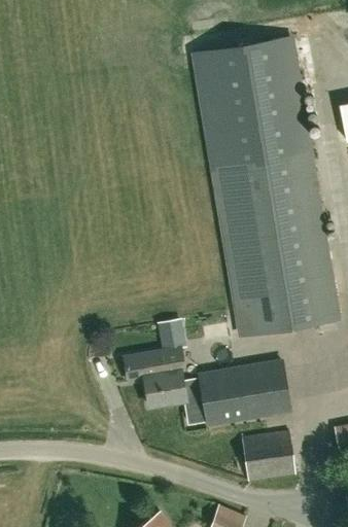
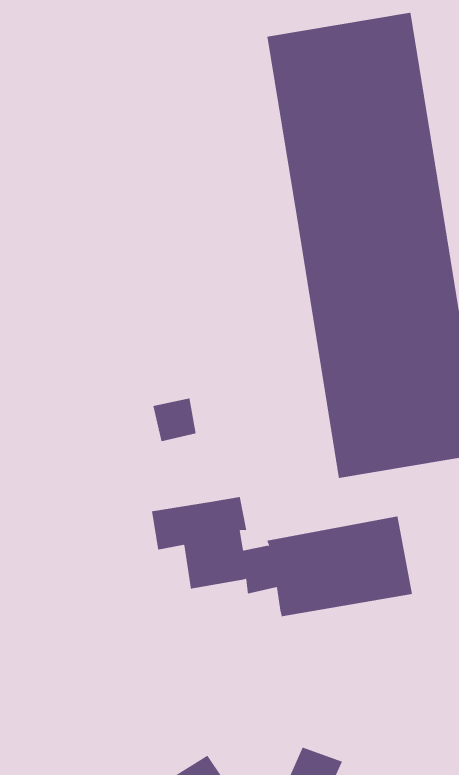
building: [161,320,188,348] -> [153,398,197,442]
building: [242,429,295,480] -> none

